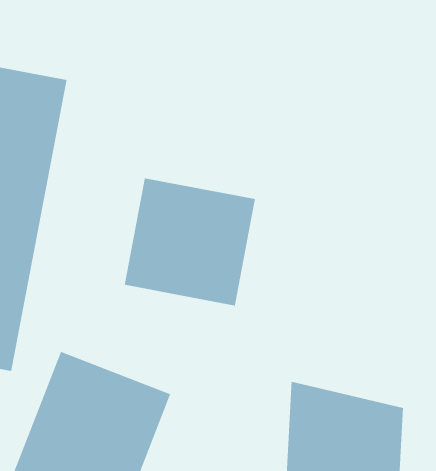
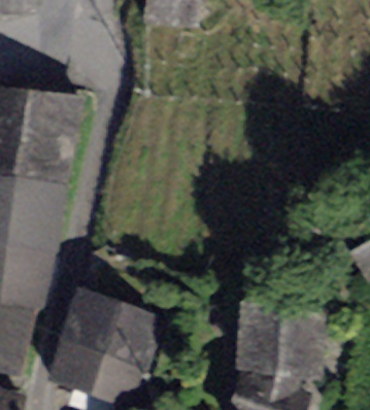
building: [124,177,256,306] -> none

